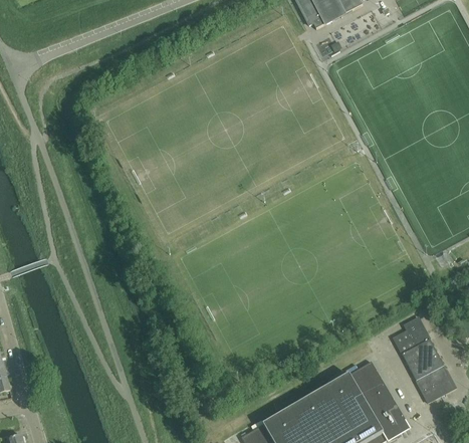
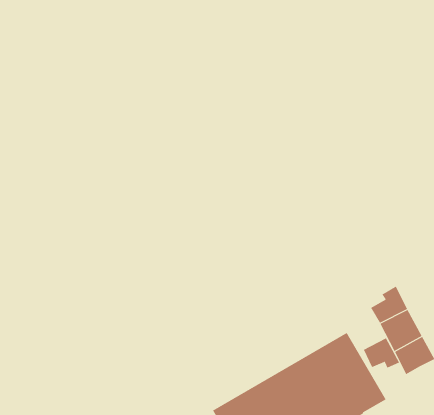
building: none -> [363,338,400,369]

